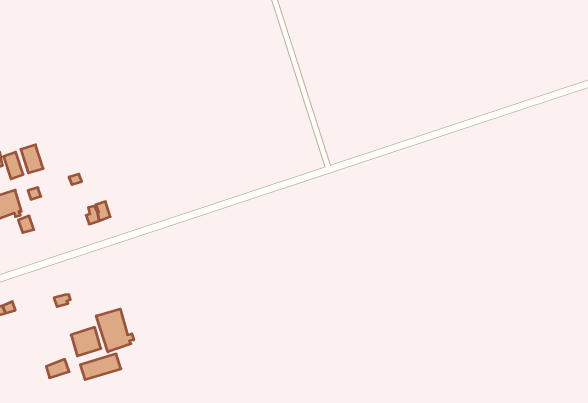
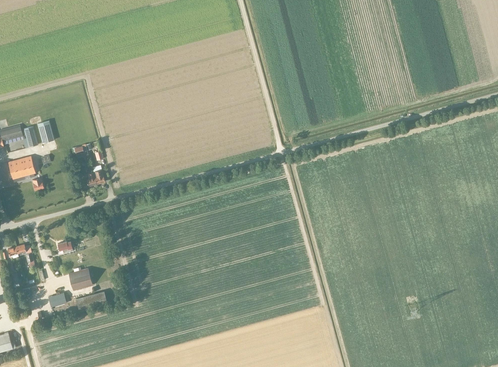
building: [96,309,134,352] -> none

